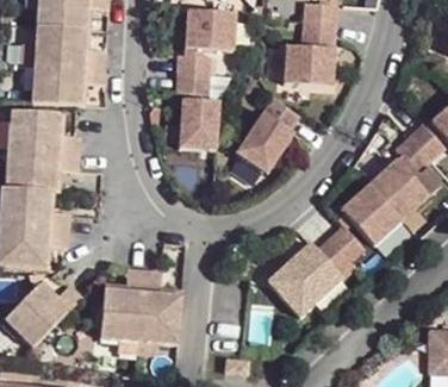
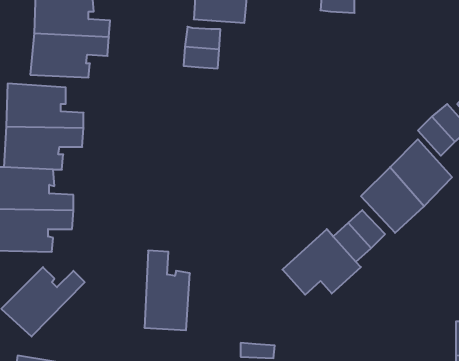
building: [285,45,335,86] -> none
building: [234,98,298,174] -> none
building: [178,99,218,151] -> none
building: [99,264,142,338] -> none

